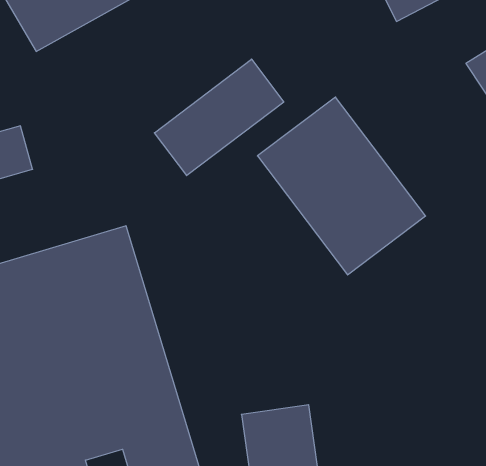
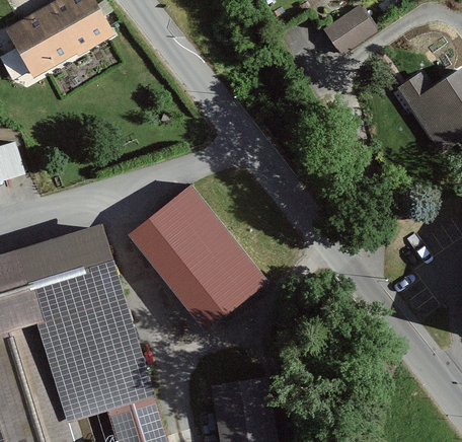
building: [154,59,284,176] -> none
building: [257,97,426,275] -> [126,186,267,336]

